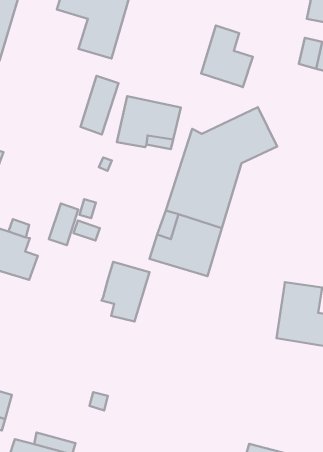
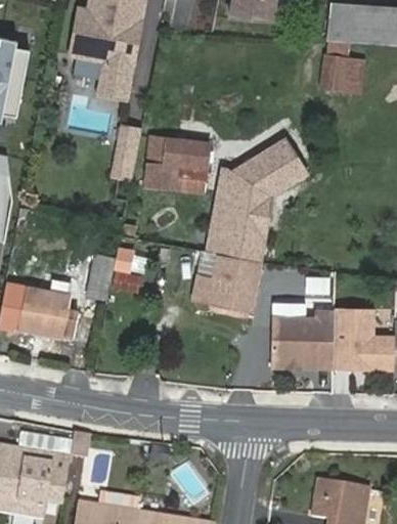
building: [201,26,253,87] -> none
building: [101,262,150,322] -> none
building: none -> [271,313,335,368]

